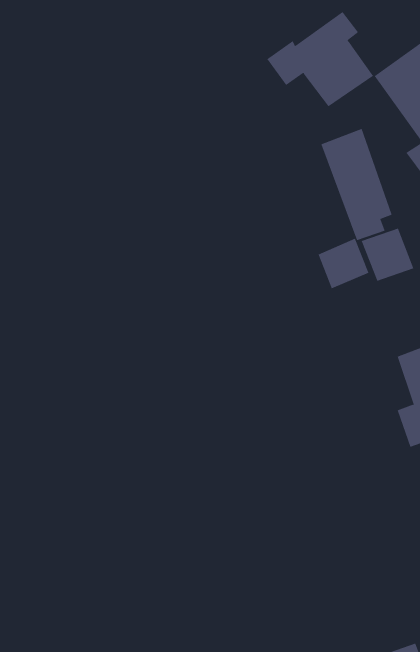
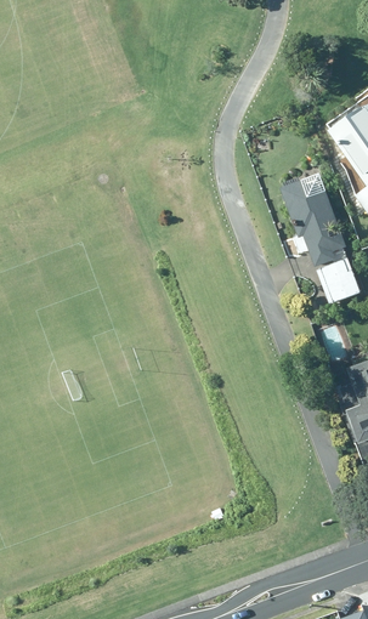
building: [267,11,374,107] -> none
building: [318,238,369,289] -> none

